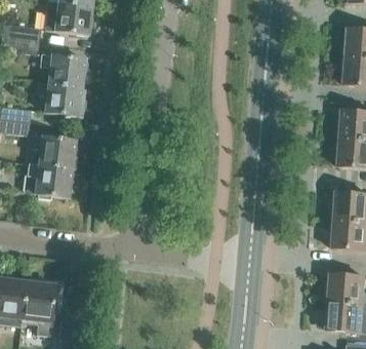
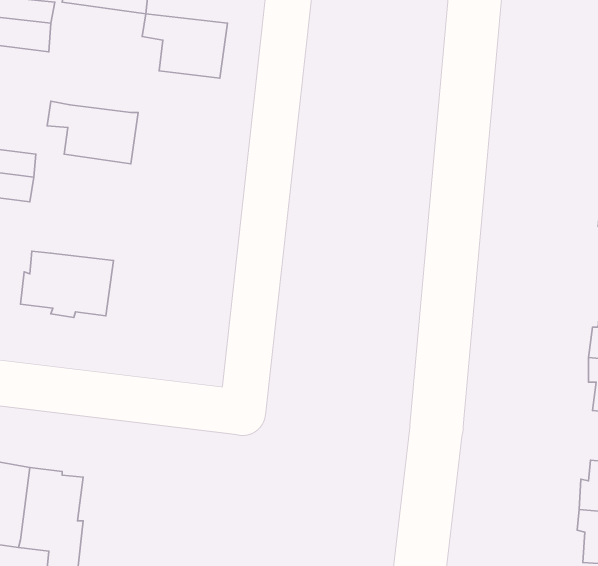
building: [40,52,86,87] -> [142,14,228,78]
building: [31,133,77,168] -> none

